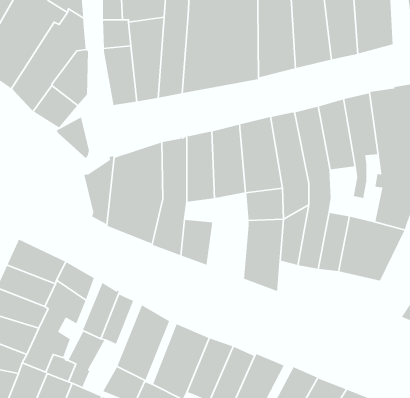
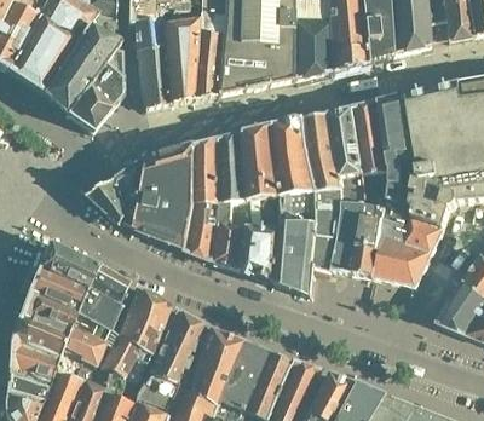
building: [55,116,90,159] -> [91,180,126,224]
building: none -> [242,196,283,283]

